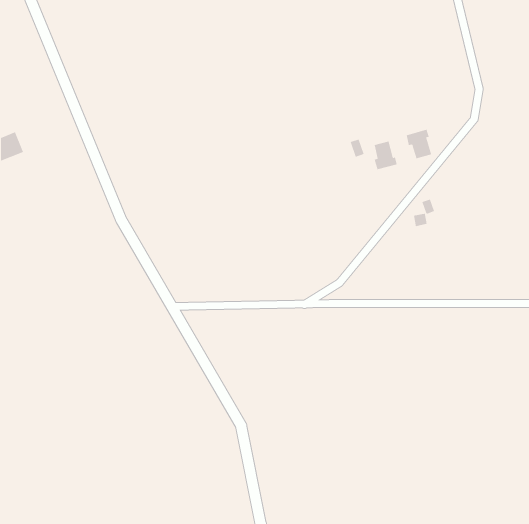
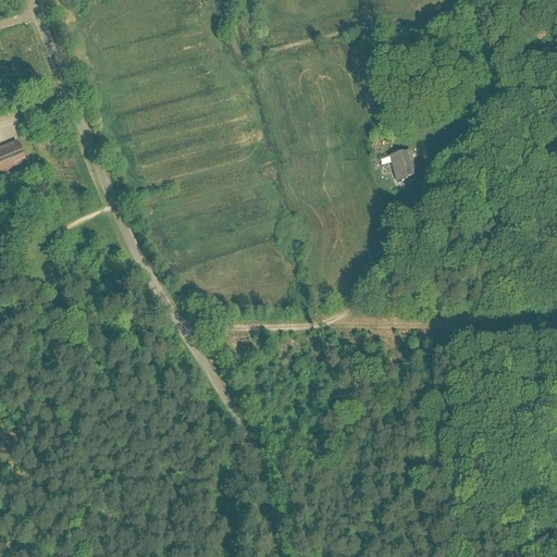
building: [406,129,432,159] -> none

